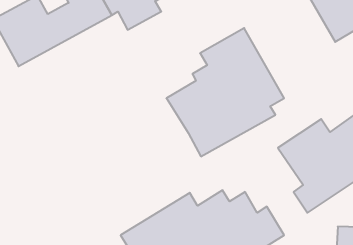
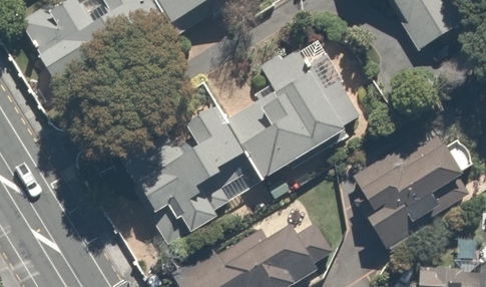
building: none -> [121,100,247,230]

